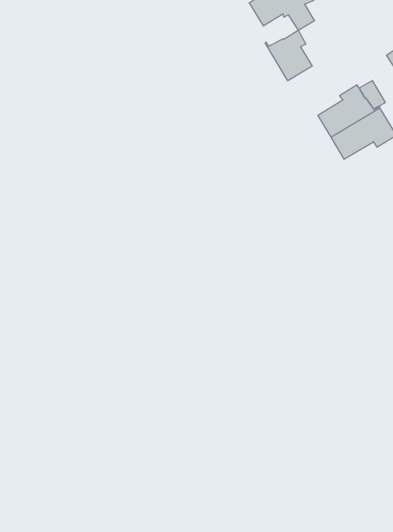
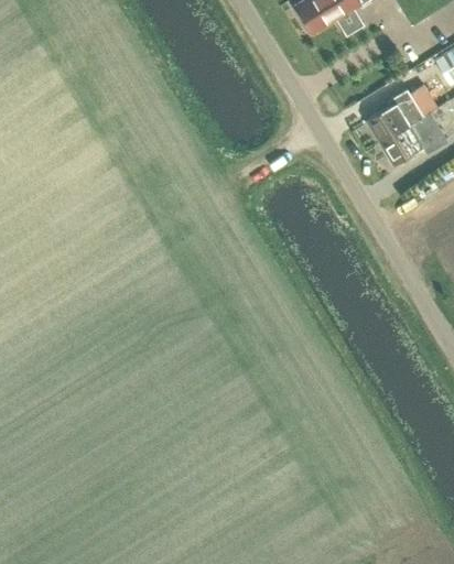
building: [265,30,312,81] -> none

